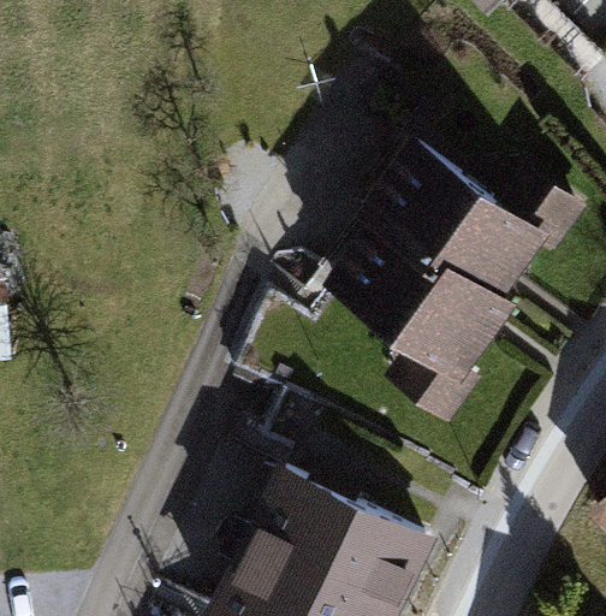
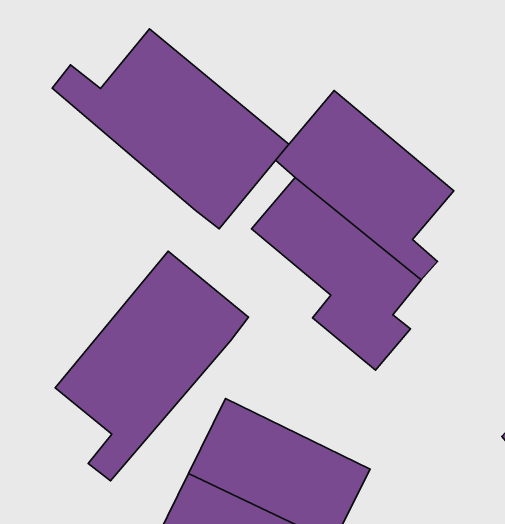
building: none -> [52,29,289,229]
building: none -> [55,251,249,481]

